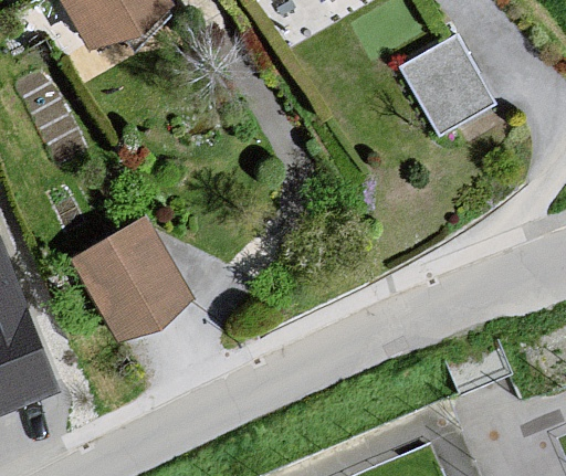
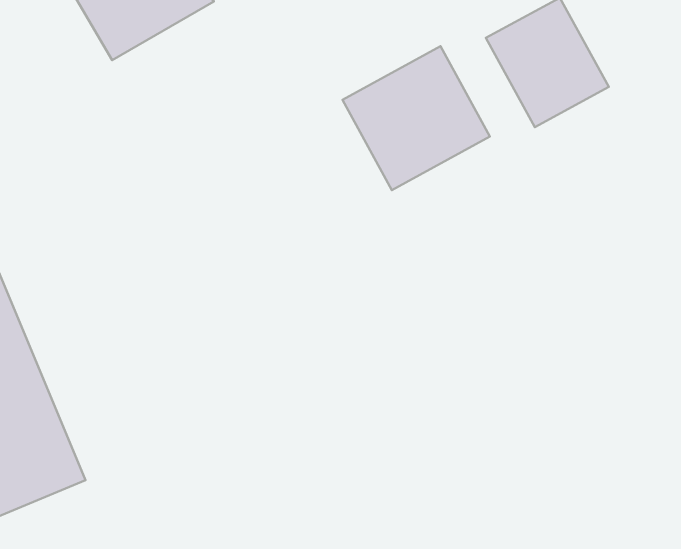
building: none -> [342,46,490,190]
building: [59,216,186,349] -> none

